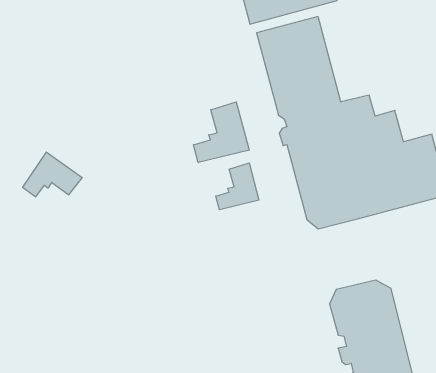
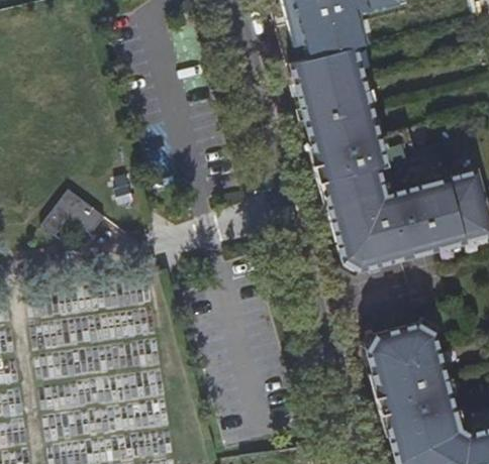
building: [193,102,249,163] -> none
building: [216,163,259,210] -> none

